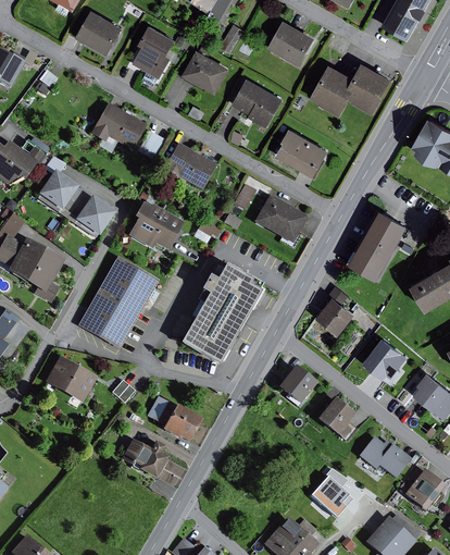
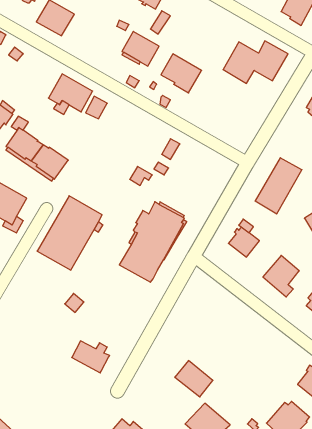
building: [268,18,315,64] -> none
building: [134,24,176,85] -> none
building: [277,127,329,176] -> none
building: [161,143,216,189] -> none
building: [254,195,308,243] -> none
building: [128,202,185,251] -> none
building: [46,356,97,403] -> none
building: [278,365,317,404] -> none
building: [148,395,203,440] -> none
building: [318,396,359,442] -> none
building: [359,436,411,478] -> none
building: [308,471,355,517] -> [175,361,213,397]

